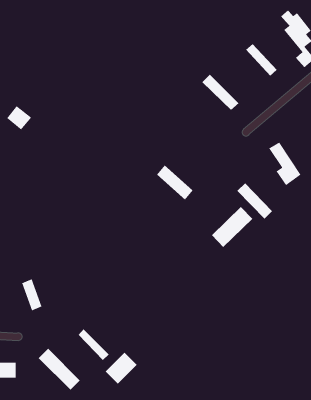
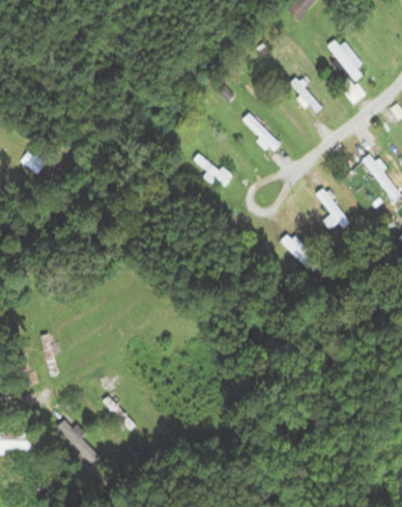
building: [156,164,193,201] -> [189,149,230,190]
building: [211,206,253,248] -> none
building: [105,352,138,384] -> none

